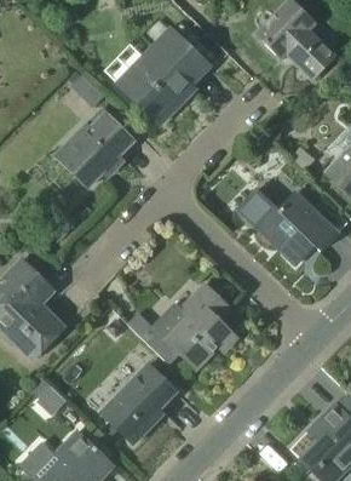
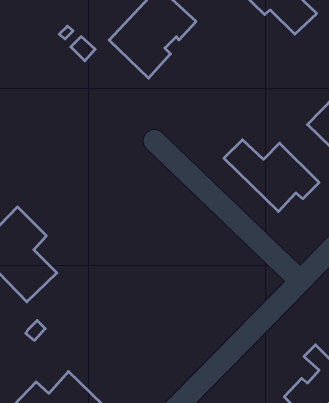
building: [57,115,134,188] -> none
building: [130,284,237,370] -> none
building: [102,365,177,443] -> none

